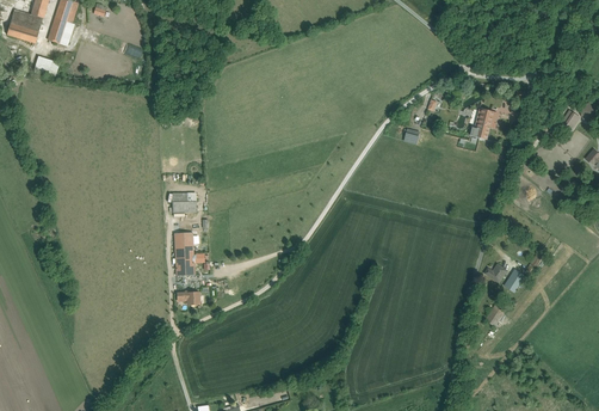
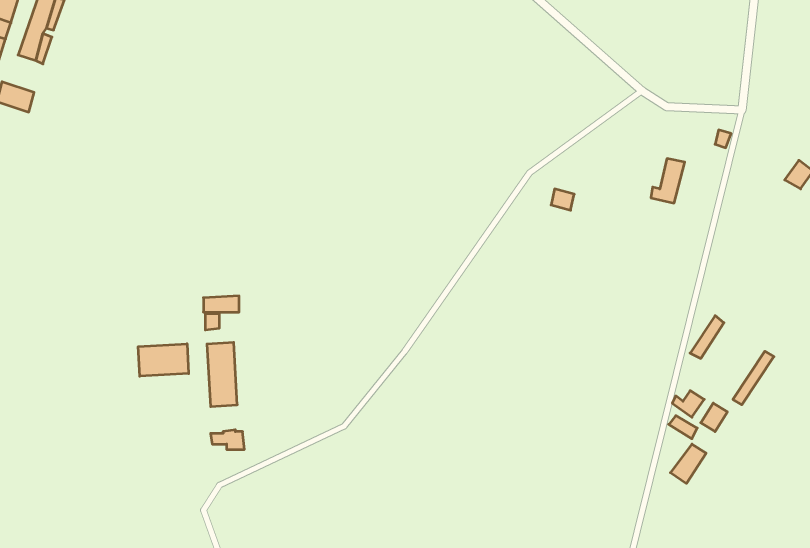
building: none -> [138,344,189,376]

